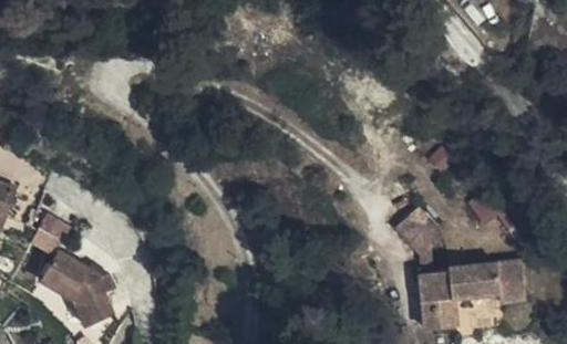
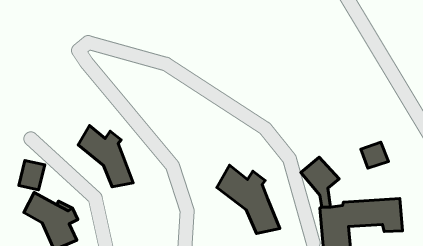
building: none -> [78,125,133,187]
building: none -> [217,165,280,233]

